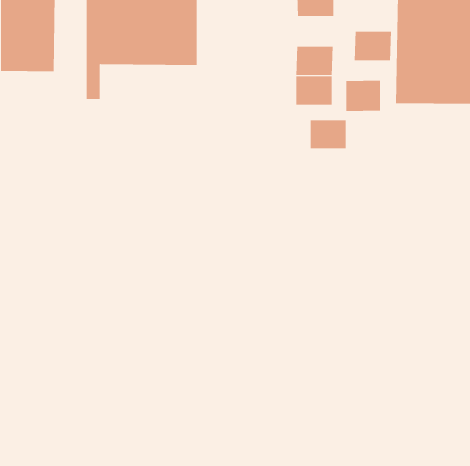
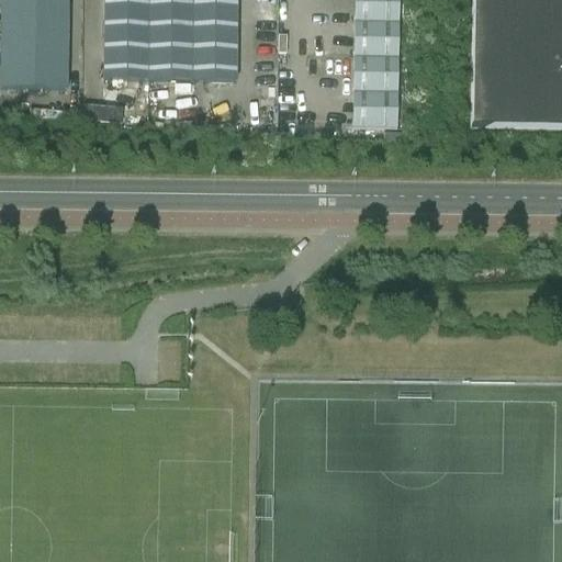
building: [354,31,392,61] -> [355,20,400,55]
building: [346,80,380,112] -> none
building: [310,119,346,149] -> none

